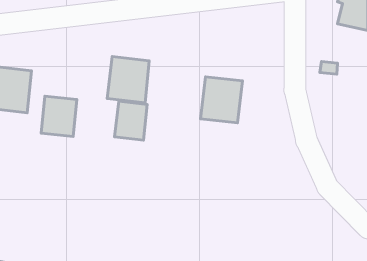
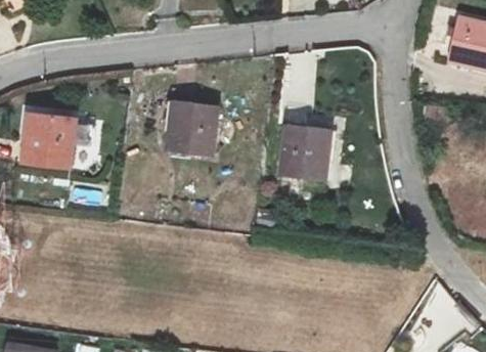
building: [41,96,77,137] -> none
building: [114,101,147,140] -> none

